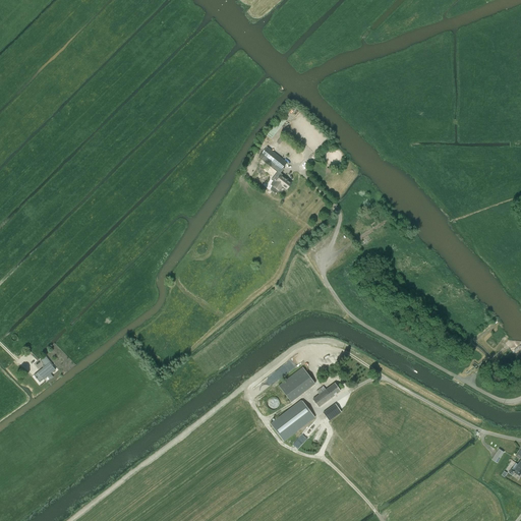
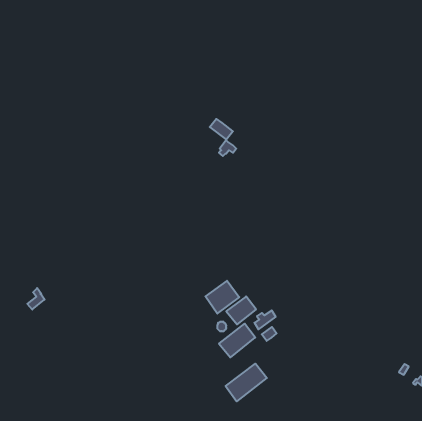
building: none -> [205,281,239,314]
building: none -> [226,364,267,401]

